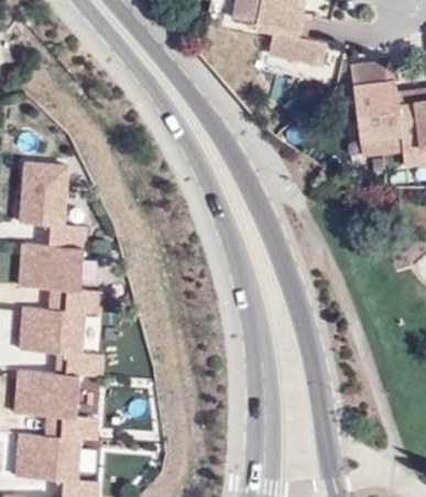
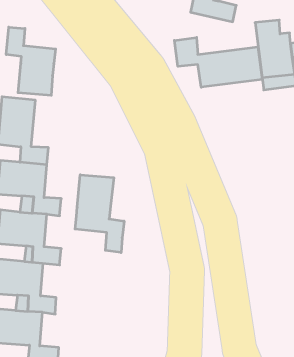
building: none -> [6,27,56,95]
building: none -> [174,37,262,87]
building: none -> [75,175,124,253]

